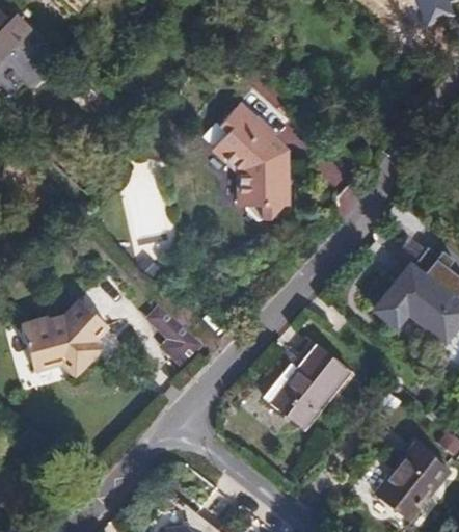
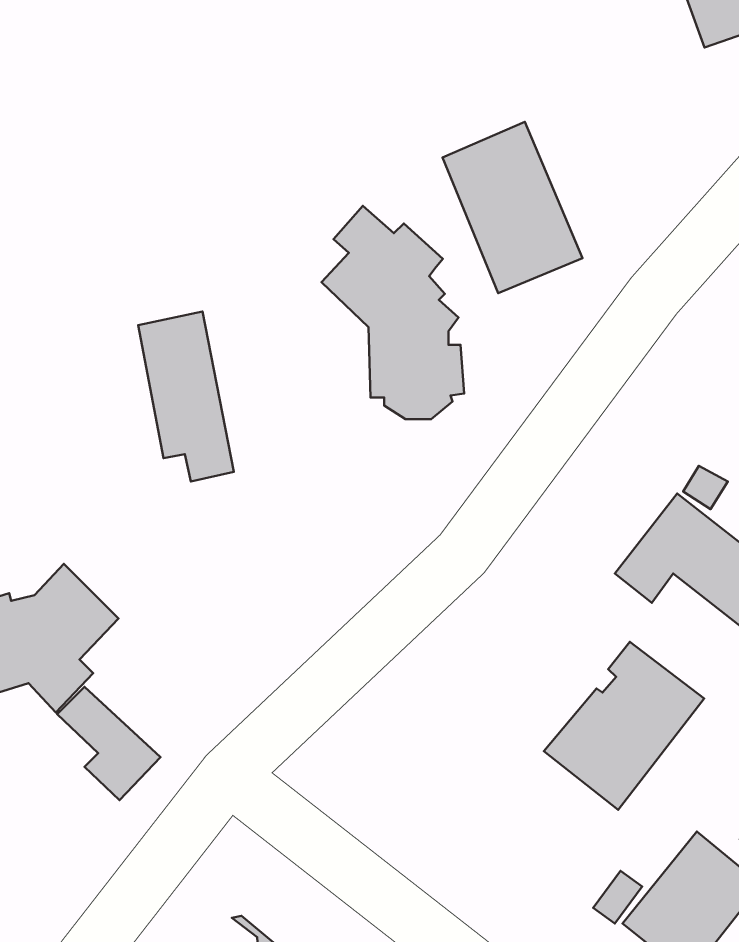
building: none -> [442,122,582,293]
building: [145,304,200,365] -> [57,687,161,800]
building: [266,339,351,428] -> [544,642,704,810]

